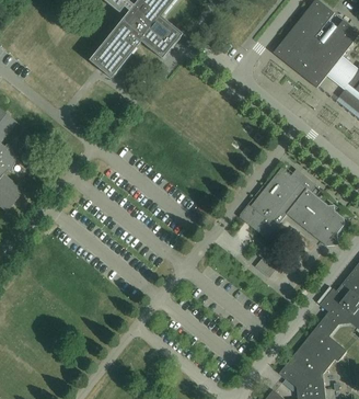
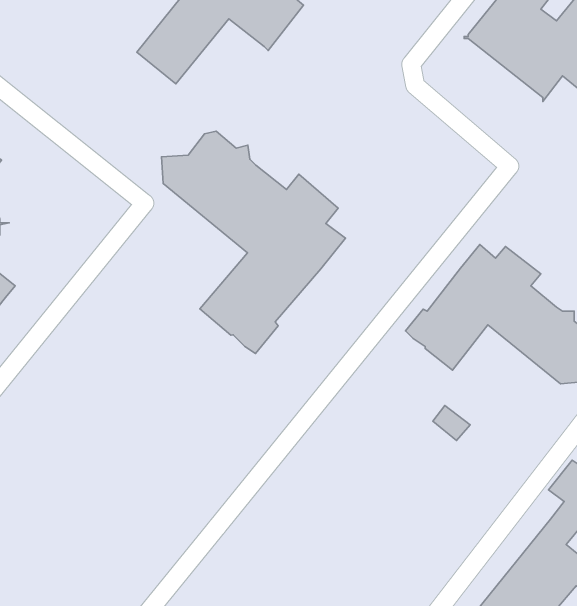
building: none -> [162,131,345,354]

